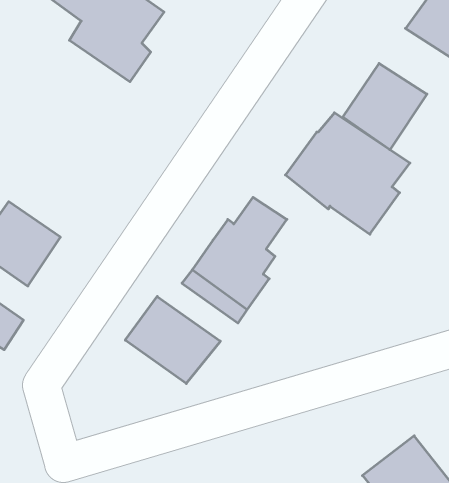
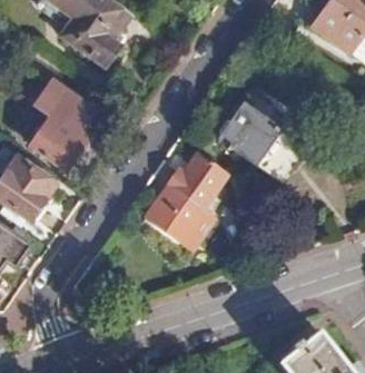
building: [343,63,427,150] -> none
building: none -> [31,78,95,167]
building: [125,296,220,384] -> none

